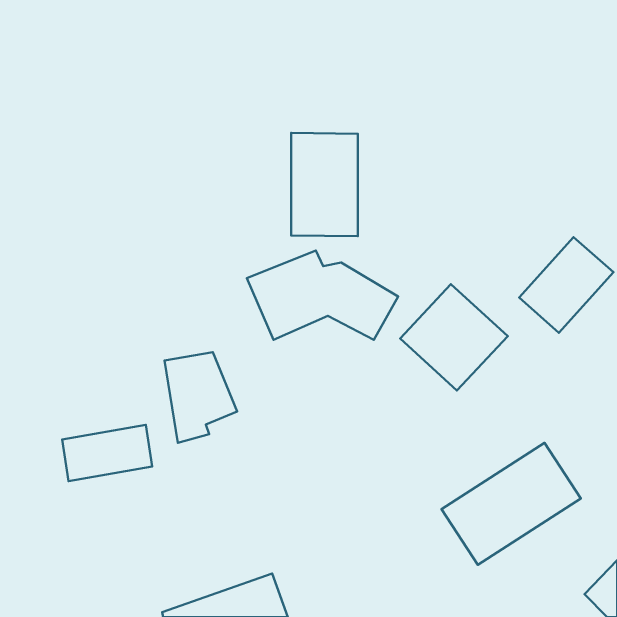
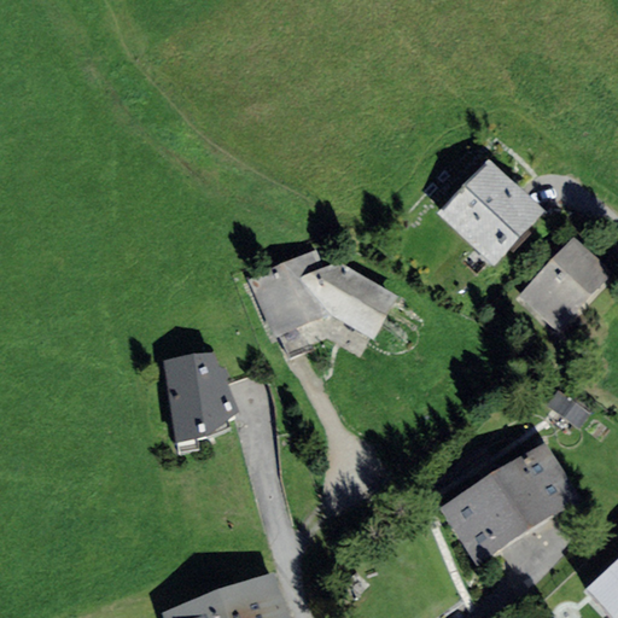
building: [291,133,358,236] -> none
building: [400,284,508,391] -> [436,158,543,264]
building: [62,425,152,481] -> none

